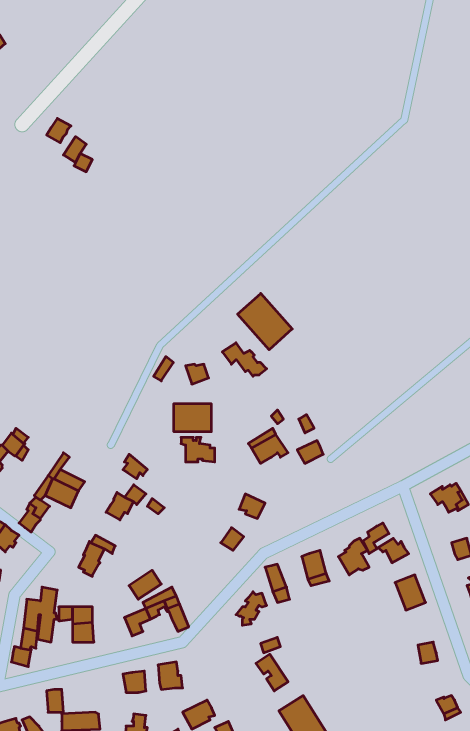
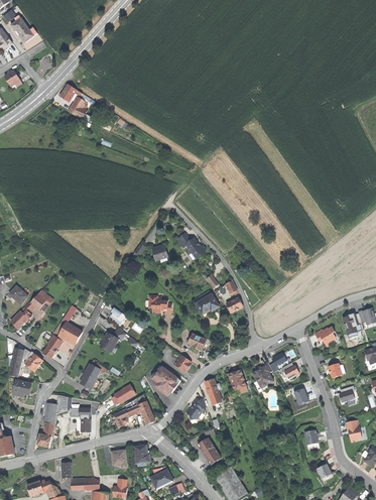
building: [238,293,292,350] -> none
building: [174,404,211,432] -> none
building: none -> [152,367,180,395]

